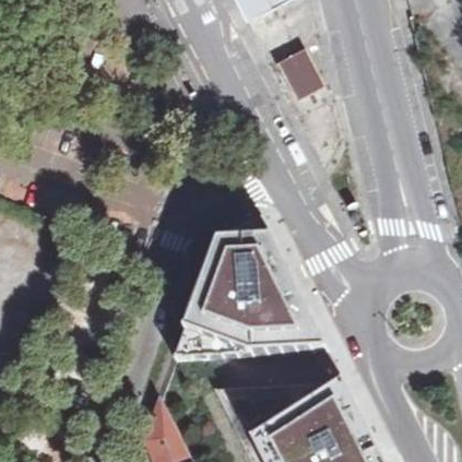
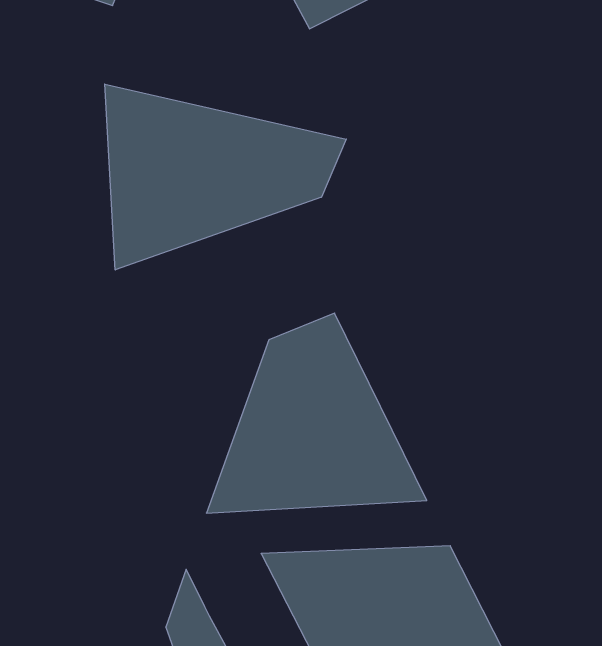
building: [275,54,319,102] -> none
building: none -> [105,84,346,270]

